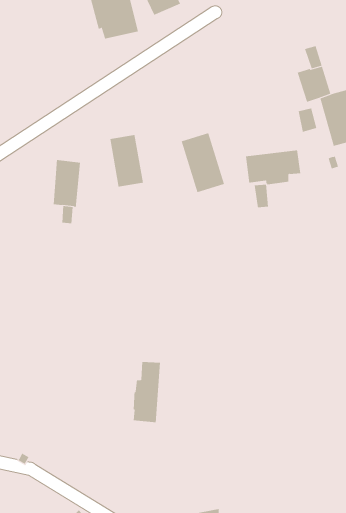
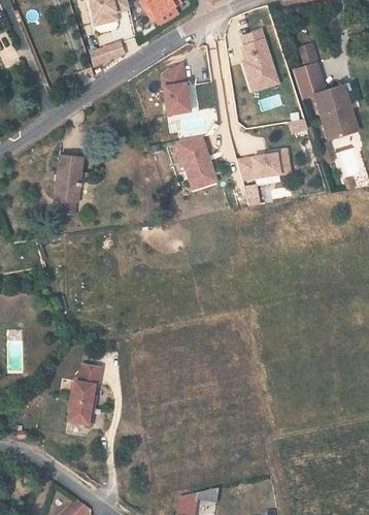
building: none -> [238,25,280,90]
building: none -> [92,39,127,62]
building: [109,134,144,187] -> [160,63,193,114]
building: [133,362,161,423] -> [67,374,94,432]

